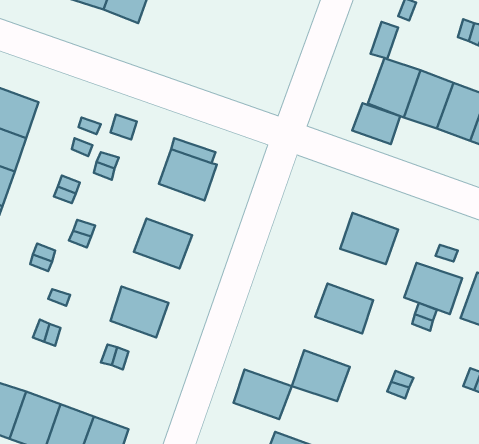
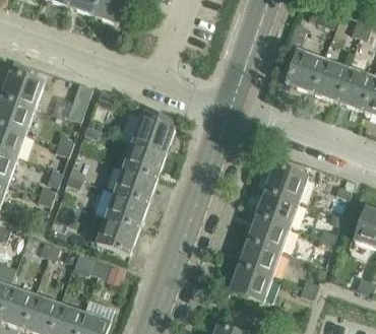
building: [352,103,400,144] -> none
building: none -> [123,141,166,179]
building: none -> [105,191,147,228]
building: [404,263,462,314] -> [256,189,299,226]
building: [234,369,292,419] -> [239,239,281,275]

